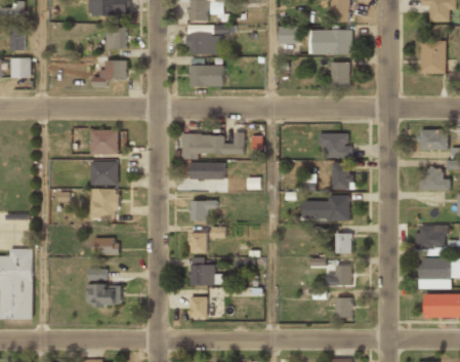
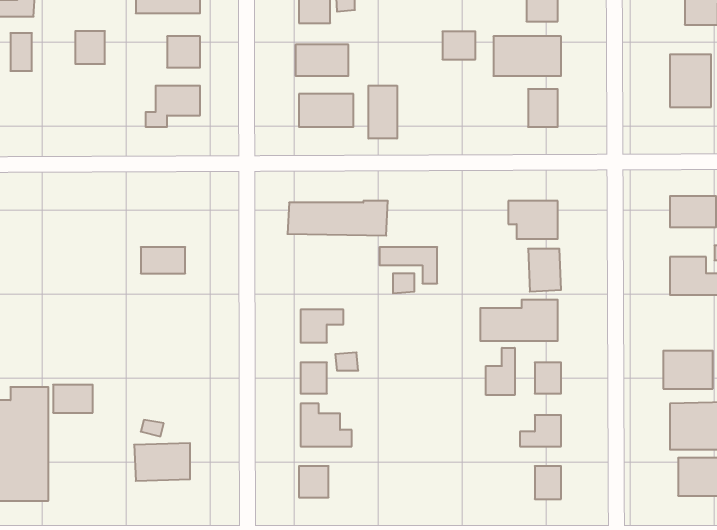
building: [11,57,30,78] -> [75,31,105,64]
building: none -> [368,86,397,139]
building: [90,128,118,153] -> none
building: [190,168,225,191] -> [380,247,437,283]
building: [90,188,117,217] -> none
building: none -> [486,348,515,395]
building: [93,237,118,254] -> [53,385,93,413]

